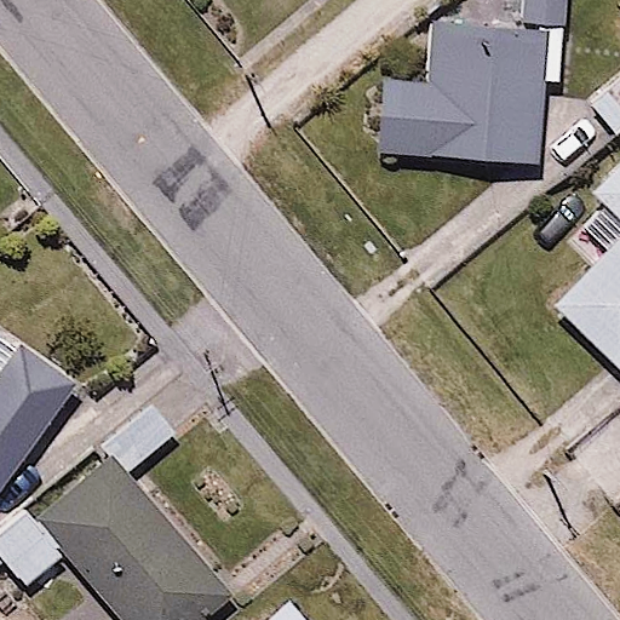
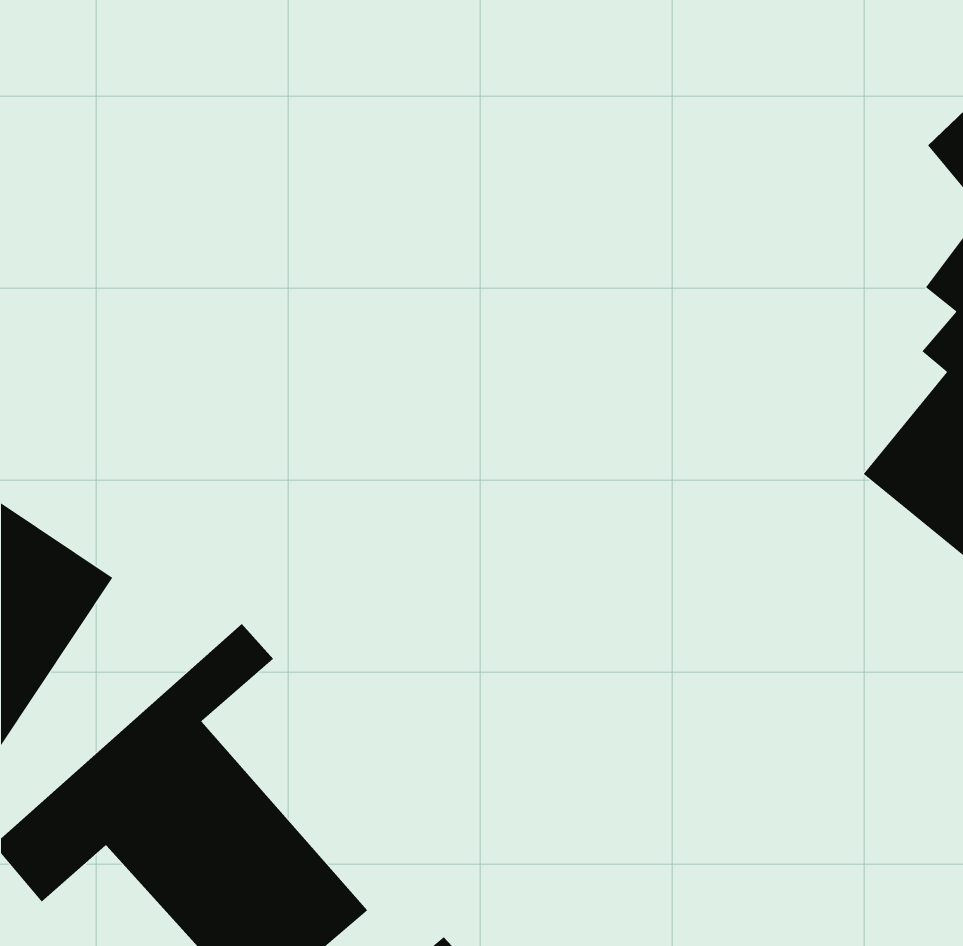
building: [373,19,563,165] -> none

